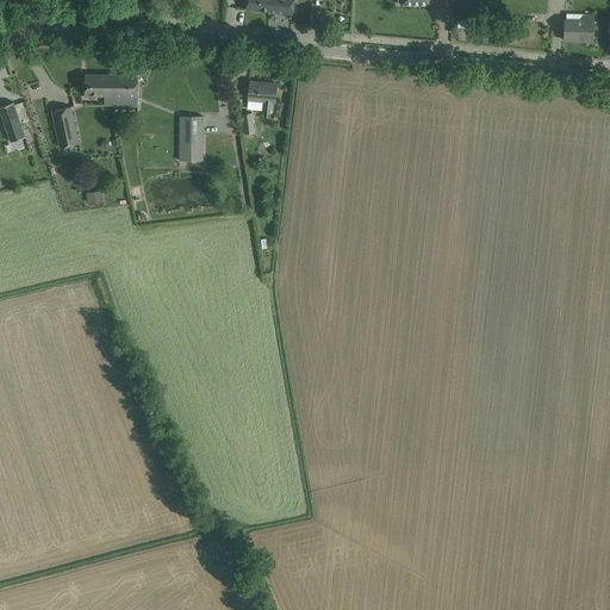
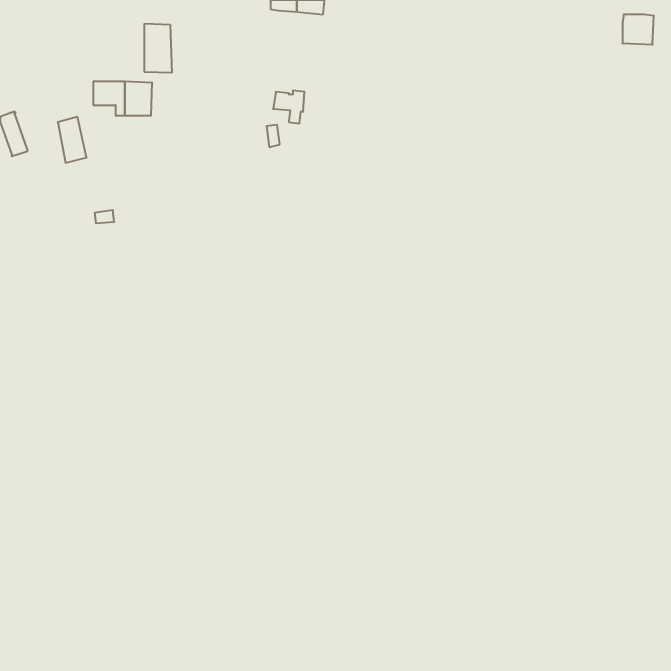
building: none -> [145,24,172,73]
building: [180,117,203,161] -> none

